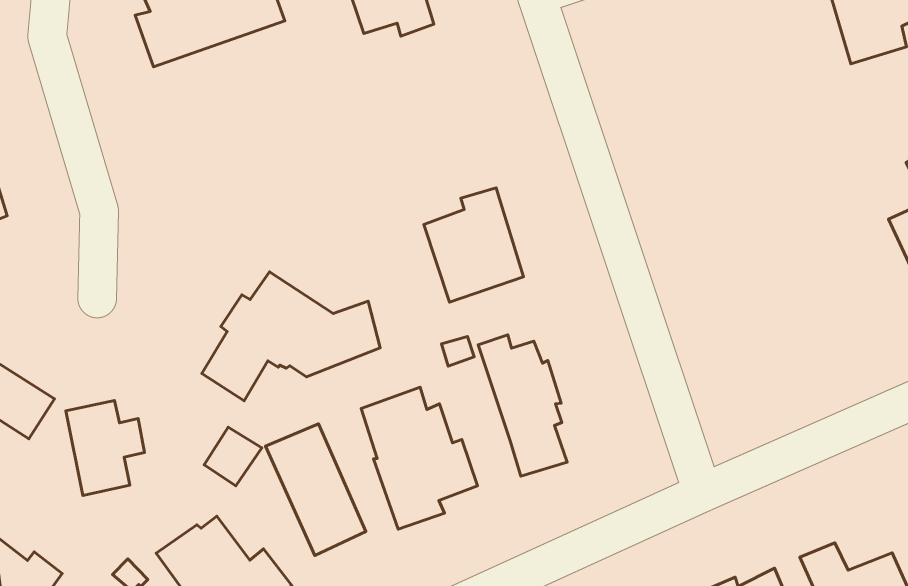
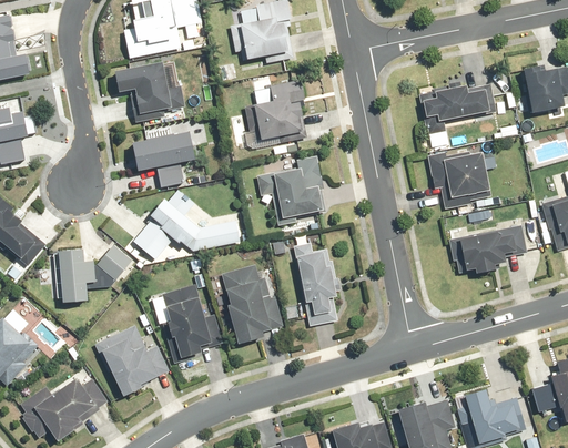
building: none -> [420,84,495,122]
building: none -> [251,80,305,142]
building: none -> [112,64,183,123]
building: none -> [428,151,491,210]
building: none -> [134,132,195,186]
building: none -> [458,225,527,273]
building: [204,427,262,486] -> [97,245,131,279]

